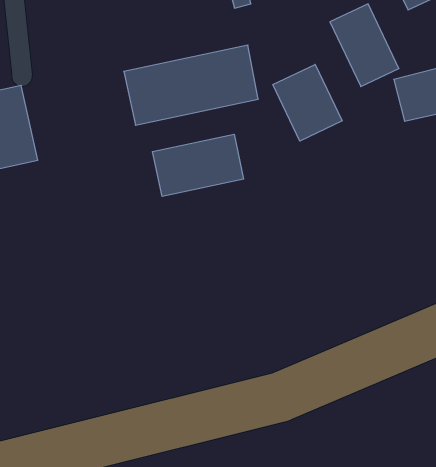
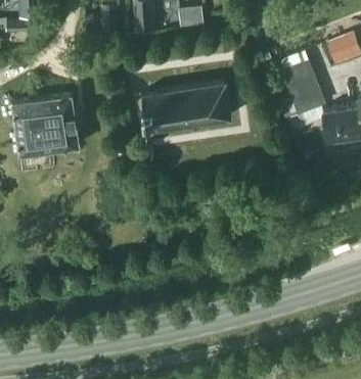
building: [273,64,342,141] -> none
building: [152,134,244,196] -> none

